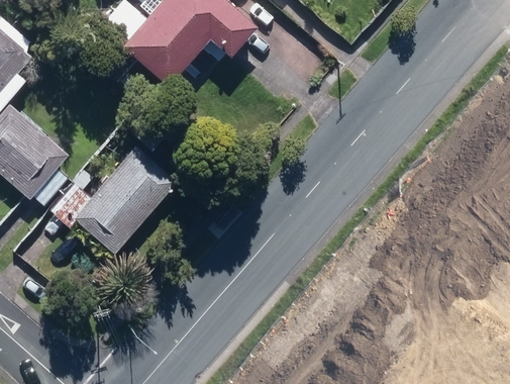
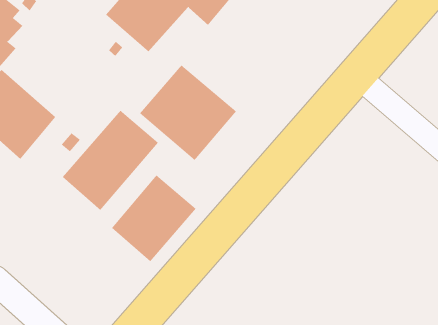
building: none -> [139,64,237,161]
building: none -> [111,175,197,262]

